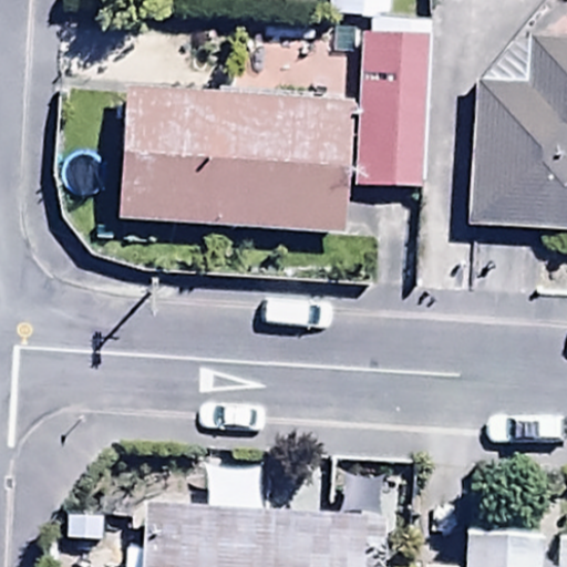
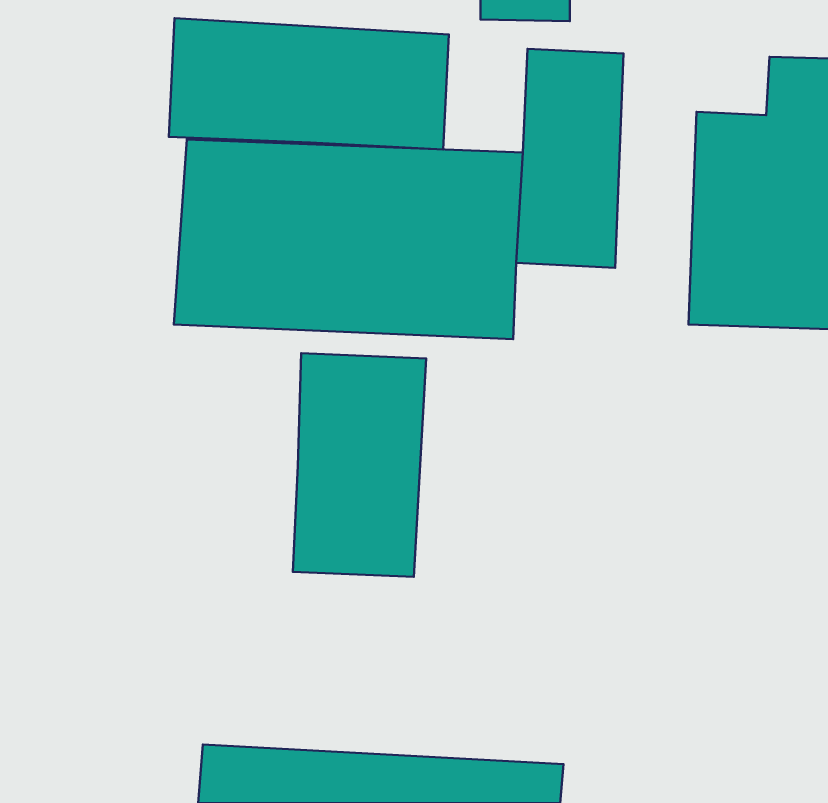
building: none -> [169,18,449,149]
building: none -> [293,353,426,577]

